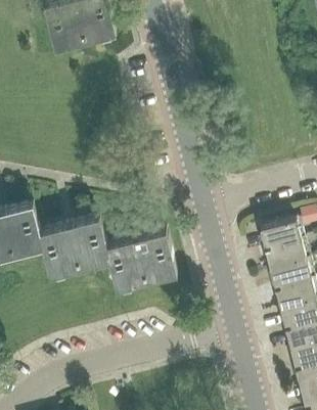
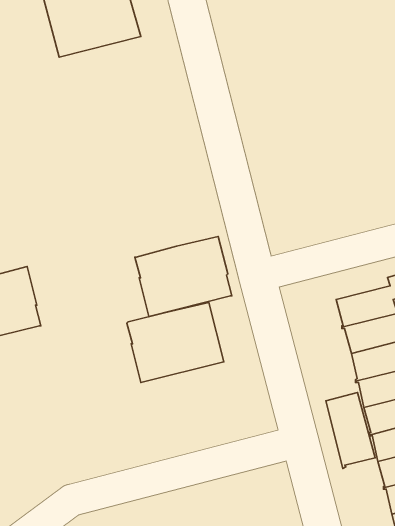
building: [38,217,109,276] -> [135,236,232,317]
building: none -> [326,392,375,468]

